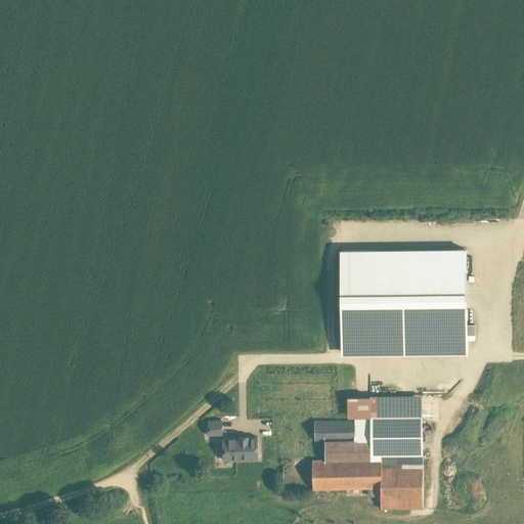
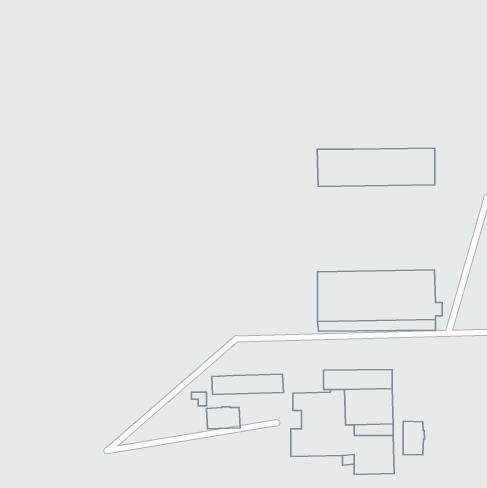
building: [339,251,465,292] -> [317,148,435,187]
building: none -> [212,374,283,395]
building: none -> [403,421,424,455]

